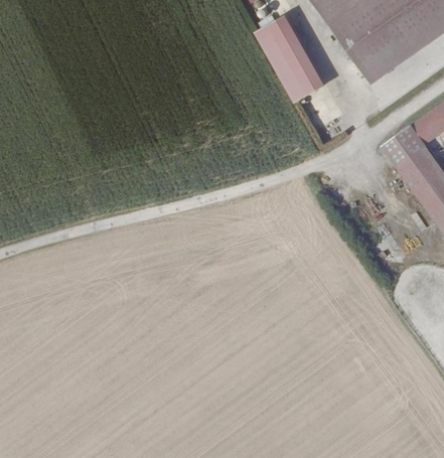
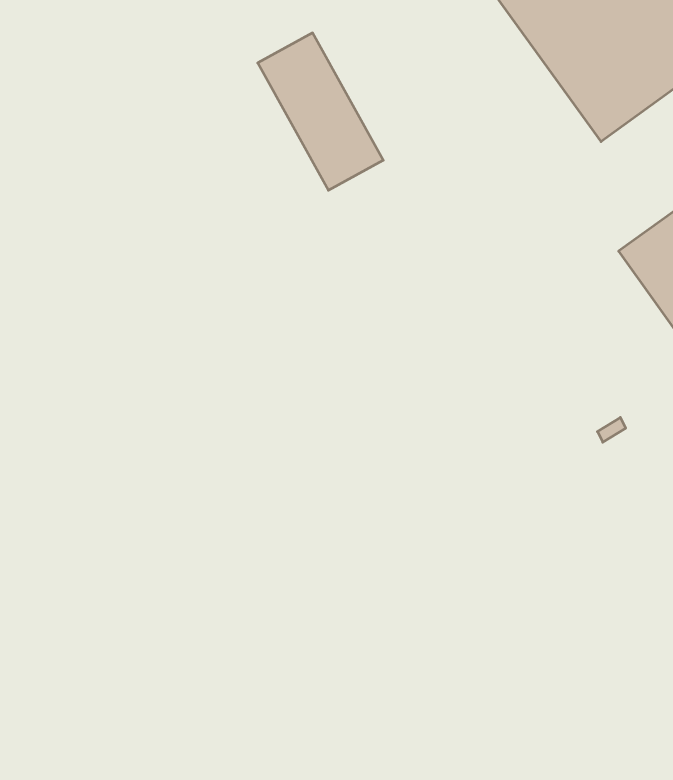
building: [254,13,325,103] -> [258,33,383,190]

